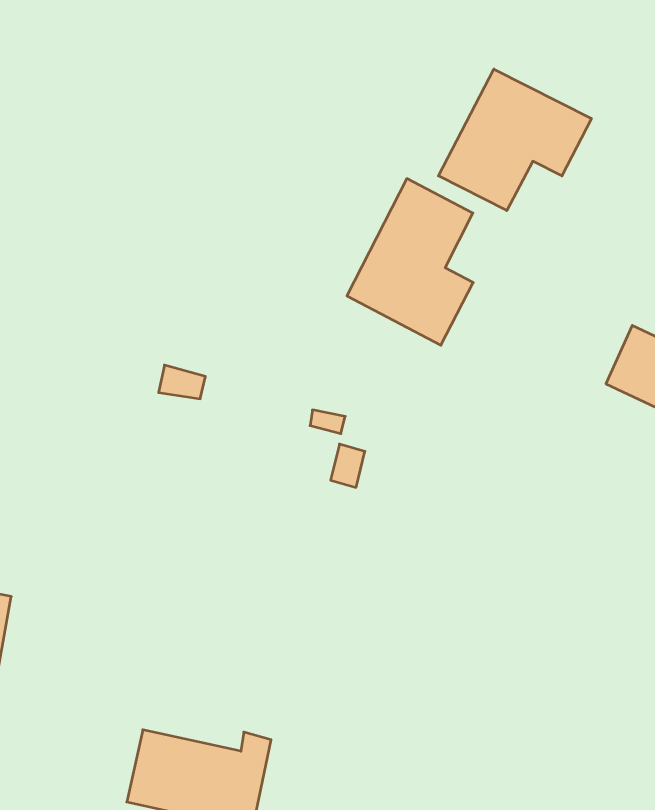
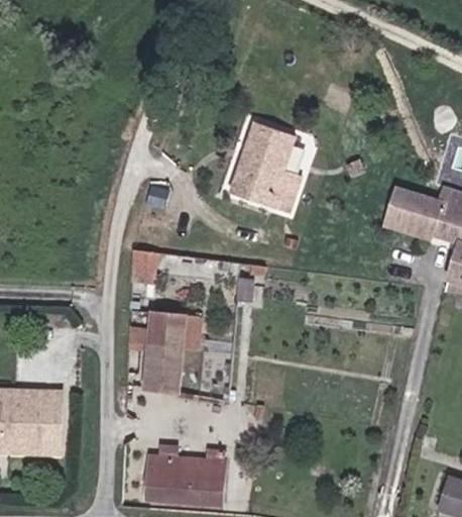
building: [438,69,591,211] -> none
building: none -> [144,313,201,393]

